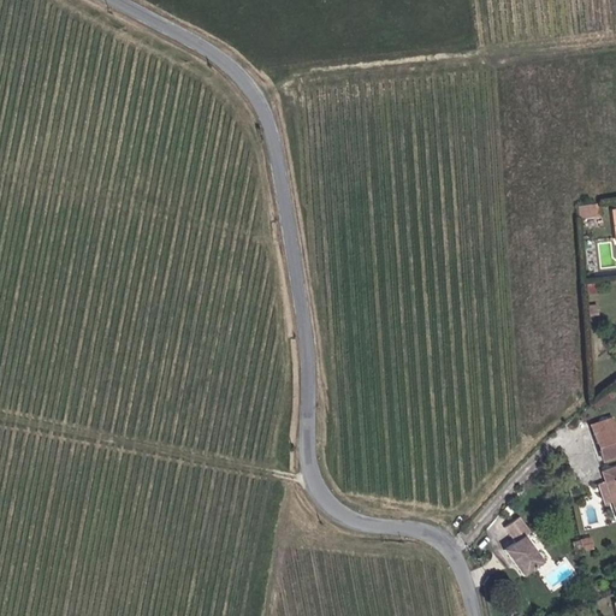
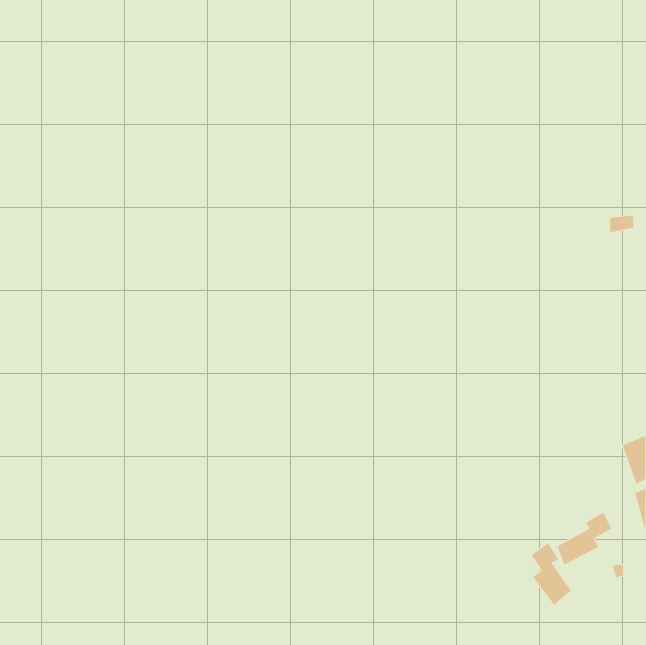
building: none -> [557,512,612,565]

